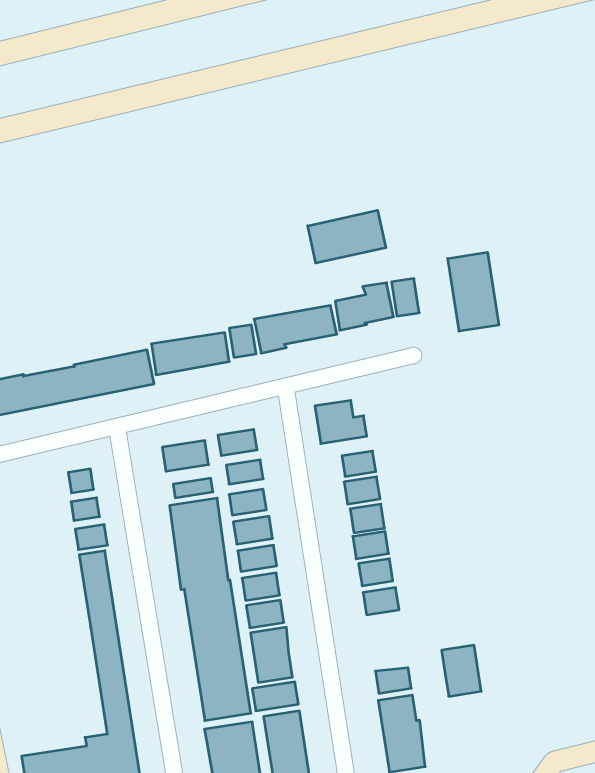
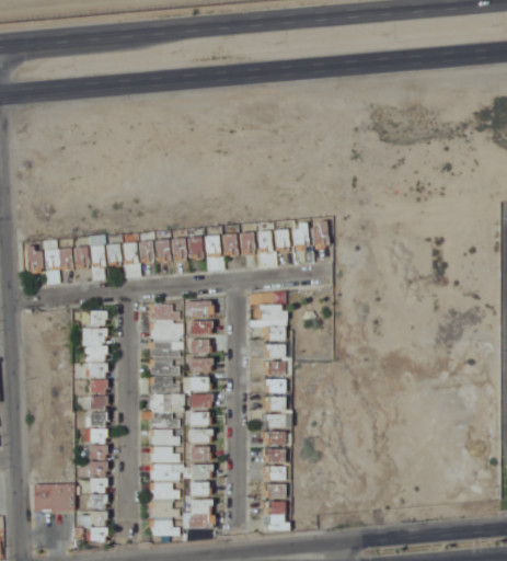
building: [308,210,386,263] -> none
building: [448,252,499,331] -> none
building: [442,645,481,696] -> [264,431,285,460]

